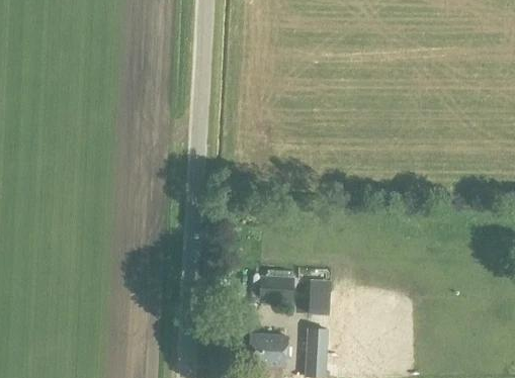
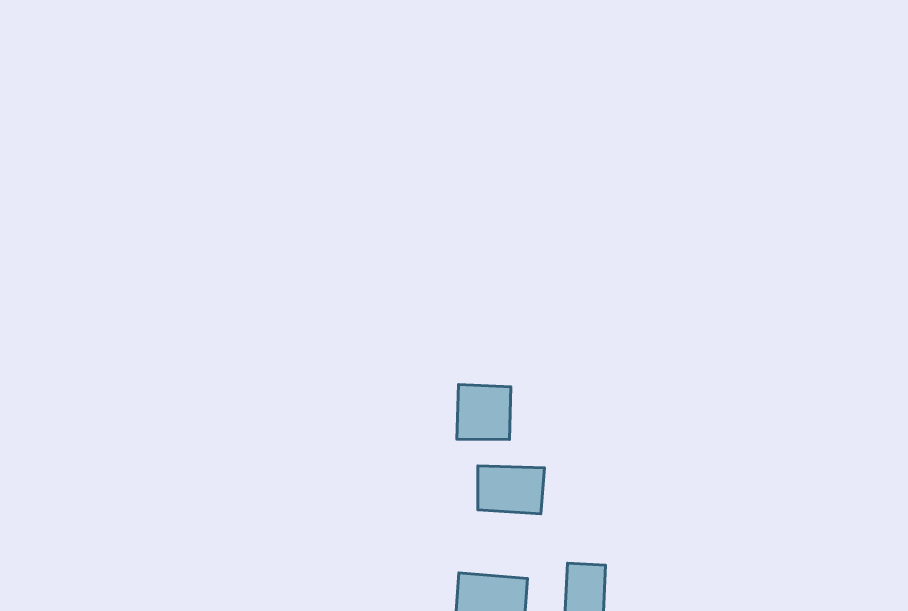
building: none -> [457,384,511,439]
building: [308,277,330,312] -> none

